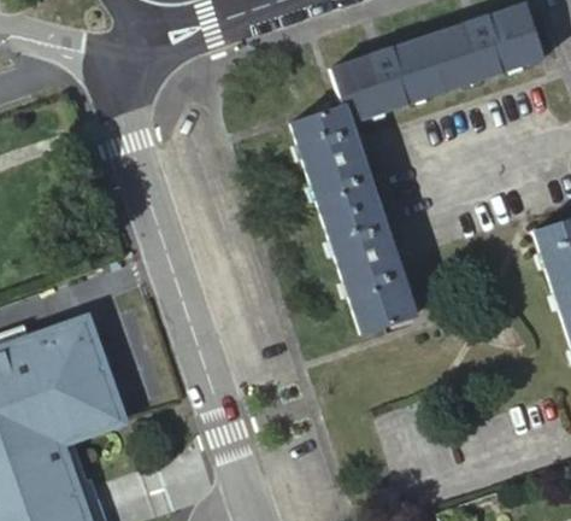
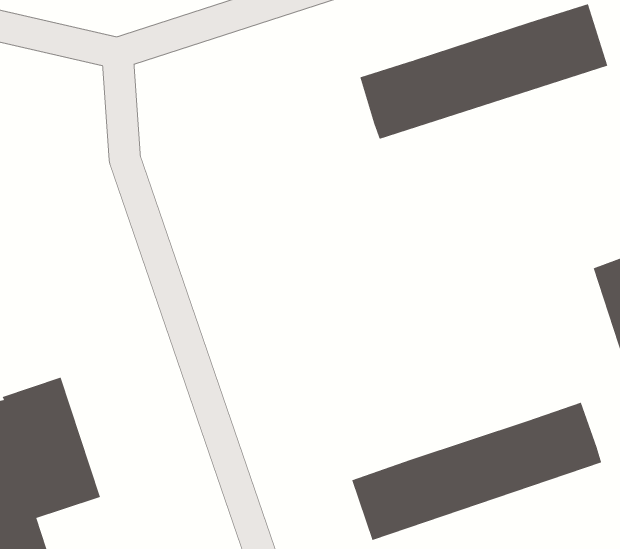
building: [295,107,416,334] -> none
building: none -> [351,402,602,541]

